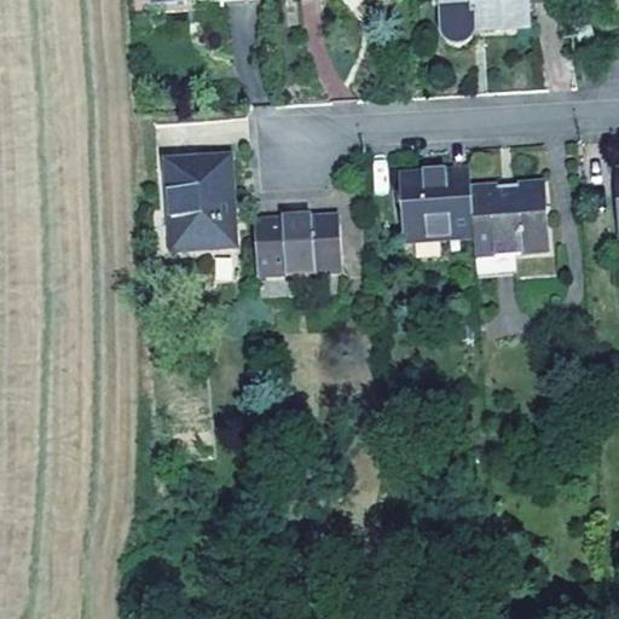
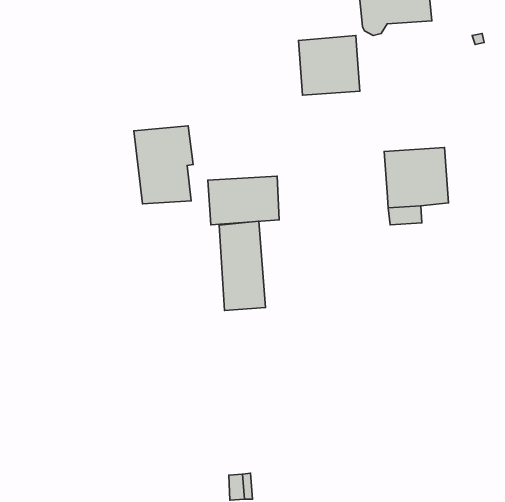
building: [398,167,473,239] -> [298,36,360,95]
building: none -> [219,221,265,310]

